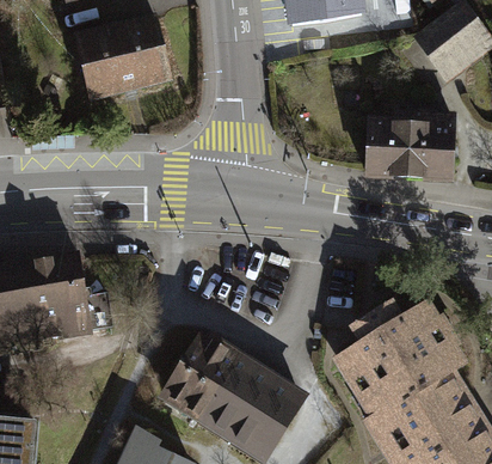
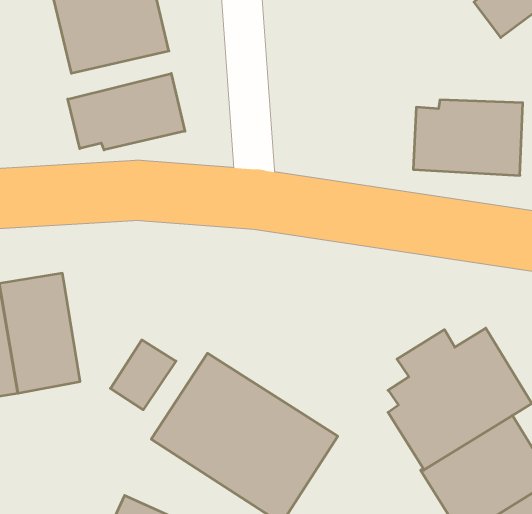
building: none -> [68,73,185,150]
building: none -> [110,340,176,410]

